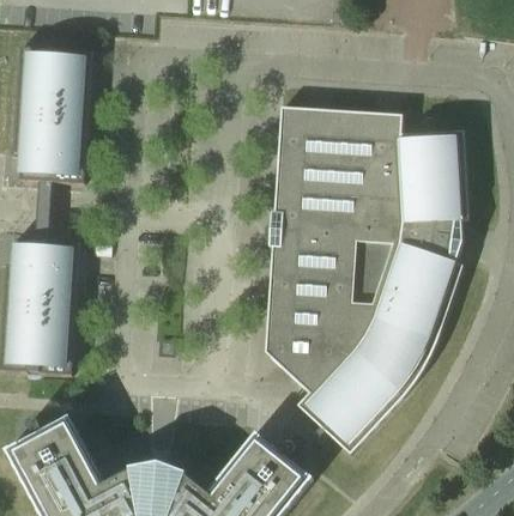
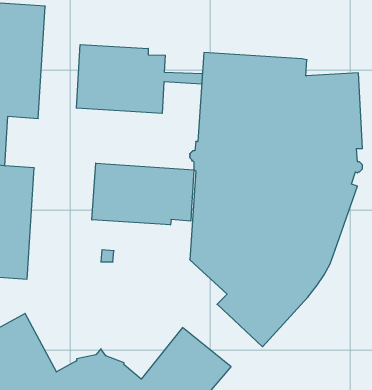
building: none -> [76,45,202,113]
building: none -> [92,163,194,225]

